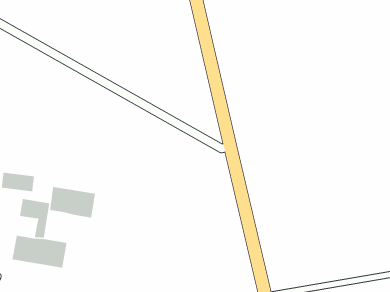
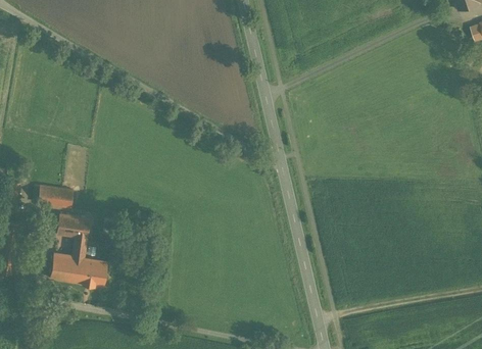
building: [49,186,96,218] -> none

